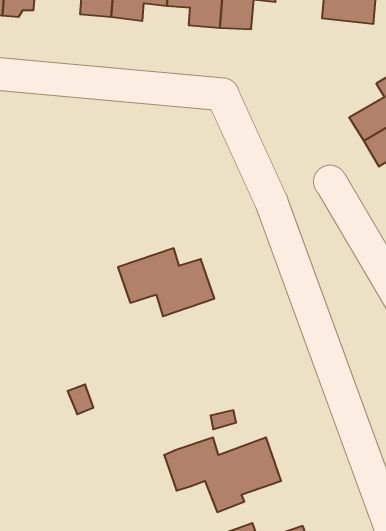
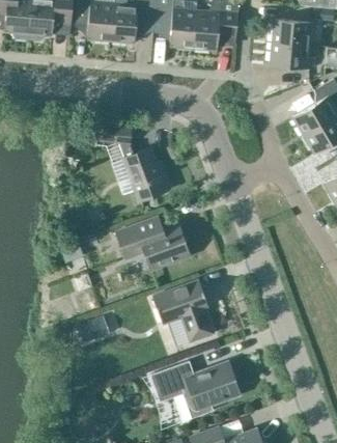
building: none -> [270,41,311,70]
building: none -> [84,124,167,201]
building: none -> [153,280,214,341]

